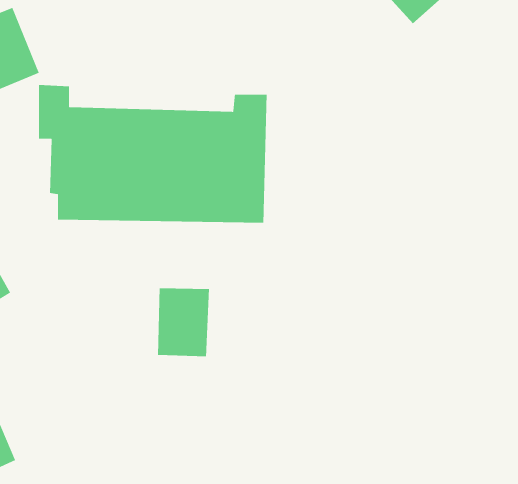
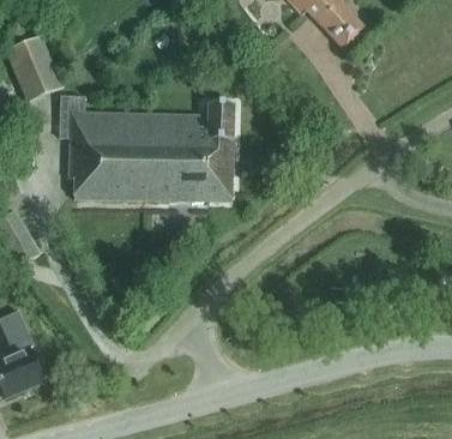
building: [157,287,210,357] -> none

